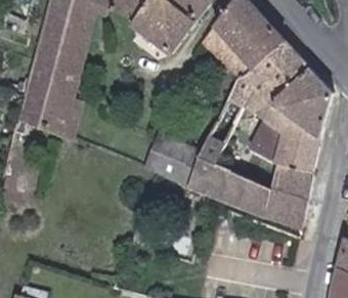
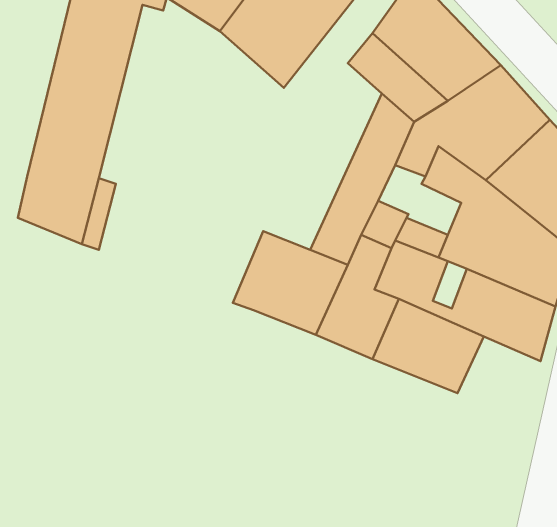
building: [264,184,309,229] -> none

